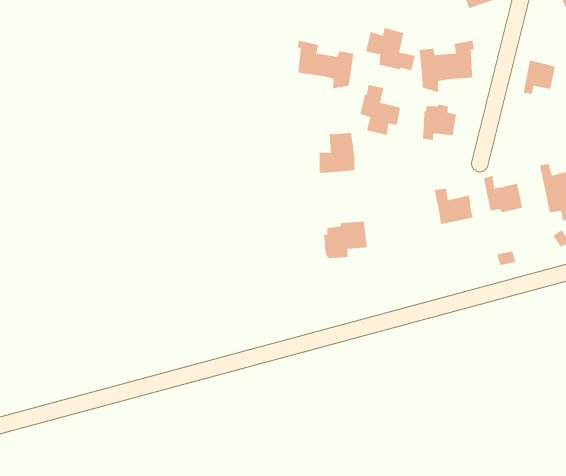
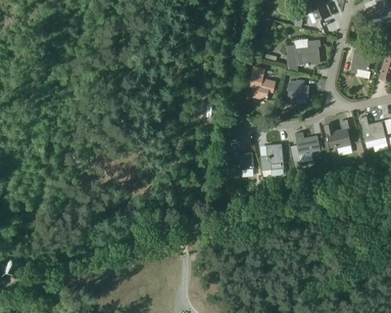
building: [366,27,416,71] -> none
building: [297,40,354,89] -> none
building: [319,133,355,174] -> [260,143,283,169]

